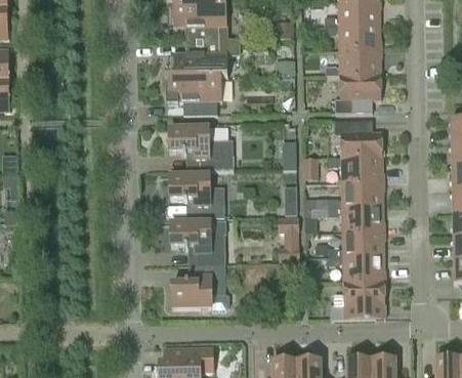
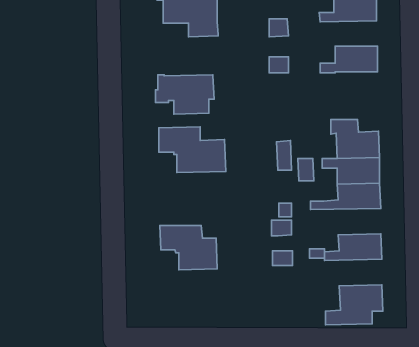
building: [325,25,380,49] -> none
building: [174,38,240,78] -> none
building: [335,74,381,112] -> none
building: [170,174,224,218] -> none
building: [311,206,383,232] -> none
building: [329,255,384,281] -> none
building: [172,264,226,308] -> none

